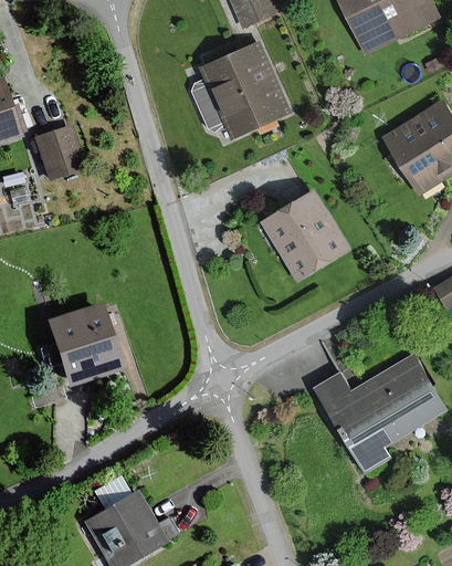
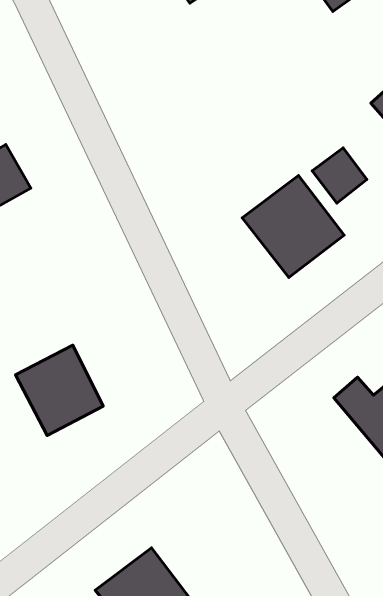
building: [200,41,290,137] -> none
building: none -> [312,148,367,203]

